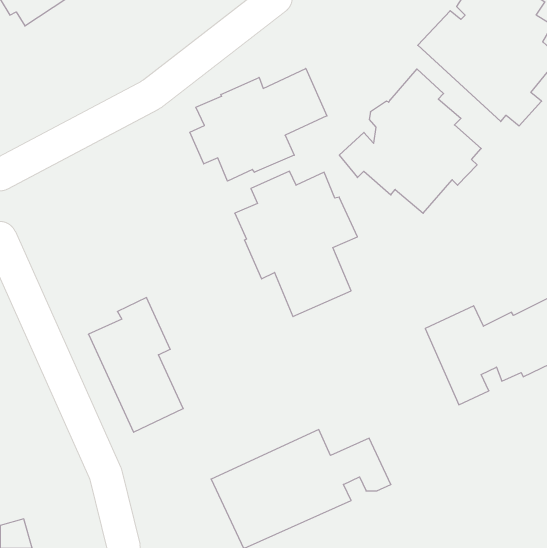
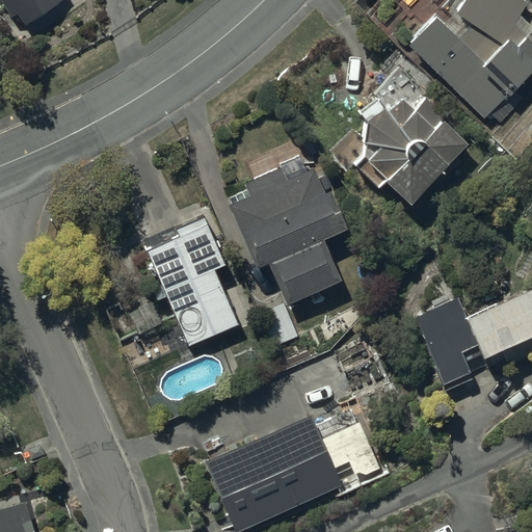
building: [190,68,327,181] -> none
building: [88,298,183,432] -> [147,215,238,345]

